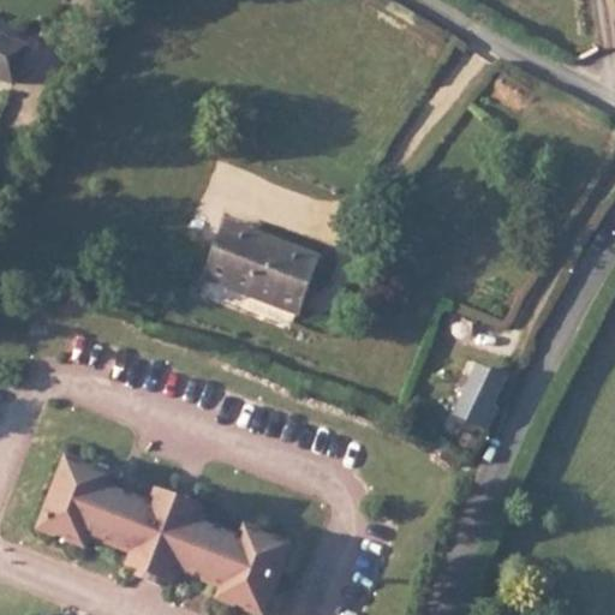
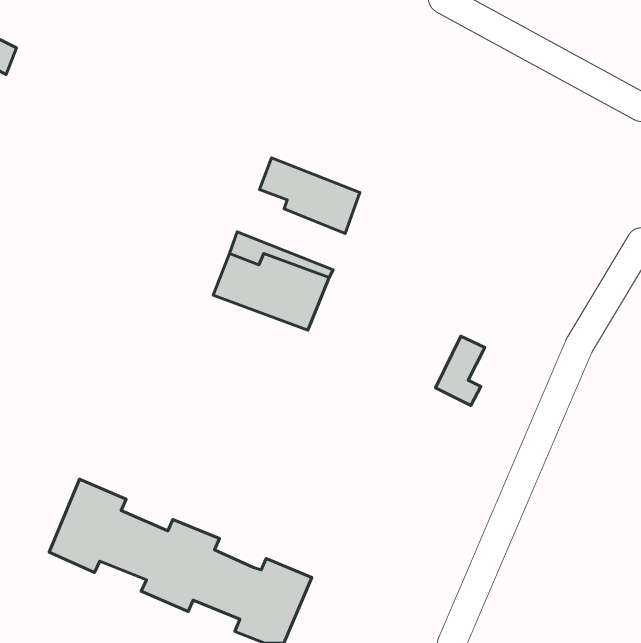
building: none -> [260,158,360,233]
building: [449,358,496,424] -> [436,336,485,405]

